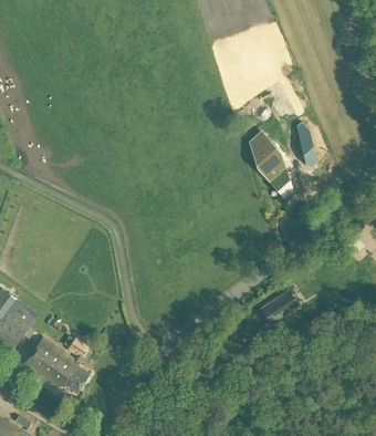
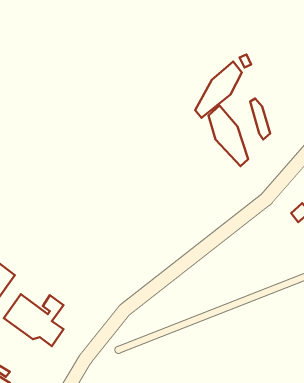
building: none -> [195,62,242,118]
building: [262,289,299,320] -> none

